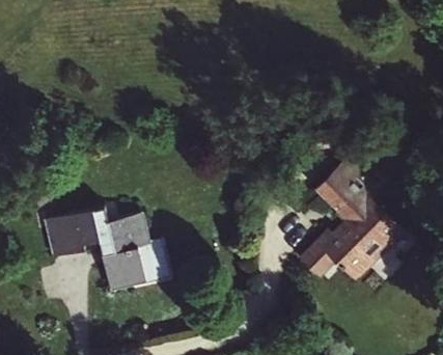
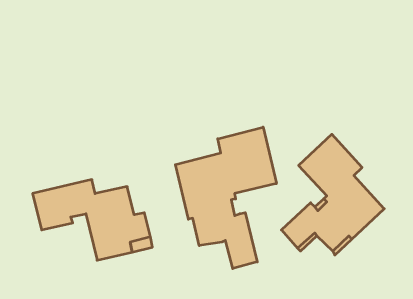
building: none -> [175,127,276,269]

